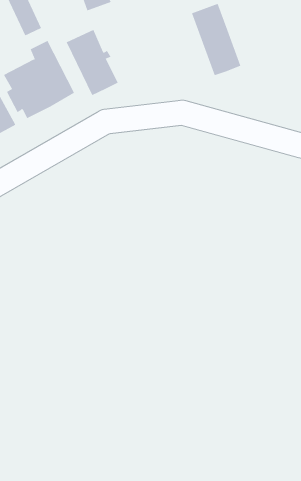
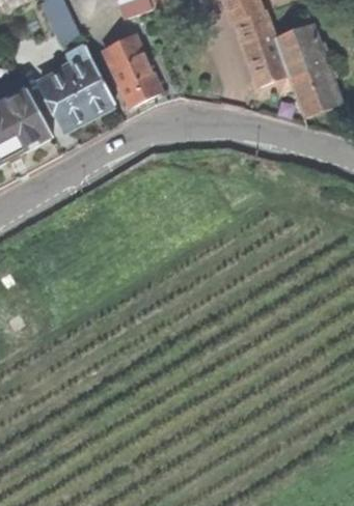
building: none -> [273,22,339,115]

